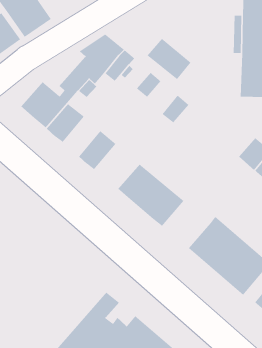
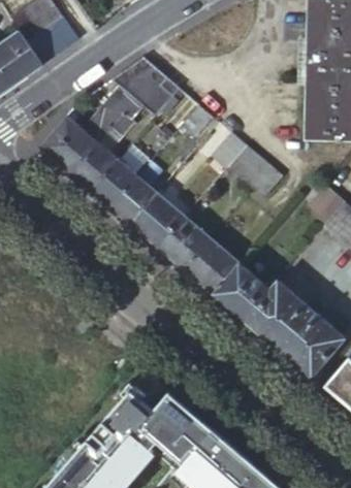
building: [146,38,192,80] -> [227,145,282,197]
building: none -> [92,147,148,208]
building: none -> [130,193,185,248]
building: none -> [213,262,270,320]

